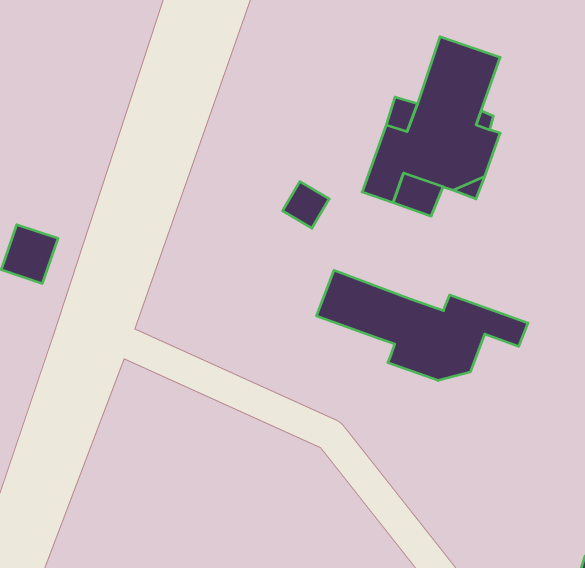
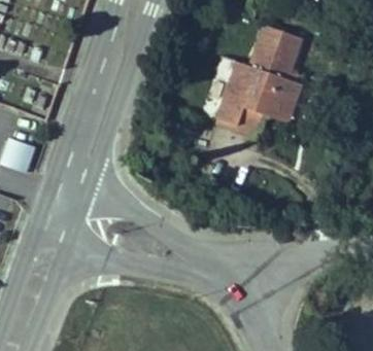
building: [317,270,528,381] -> none

